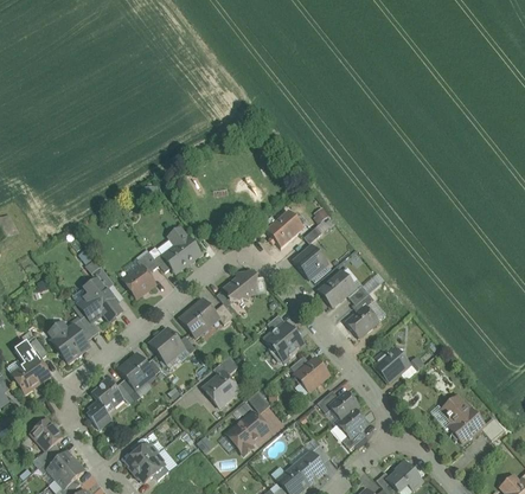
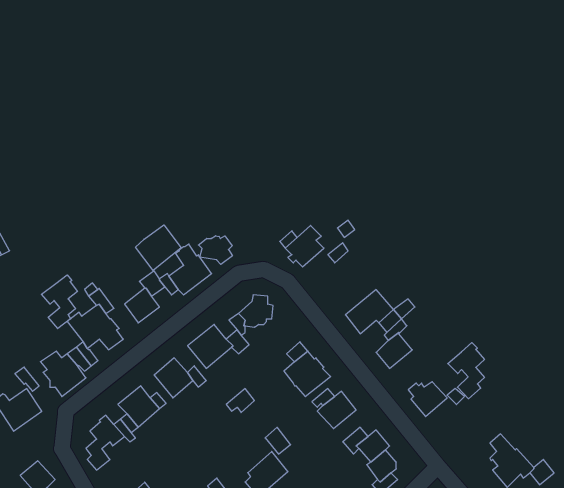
building: none -> [136,225,181,270]
building: none -> [198,236,232,264]
building: [293,244,325,278] -> none
building: none -> [41,275,77,329]
building: none -> [448,343,484,399]
building: [203,371,238,406] -> none

